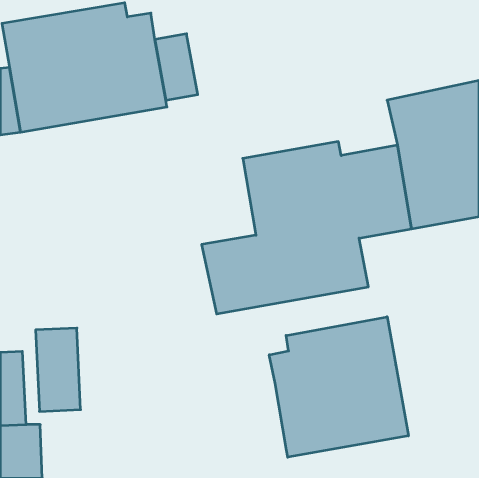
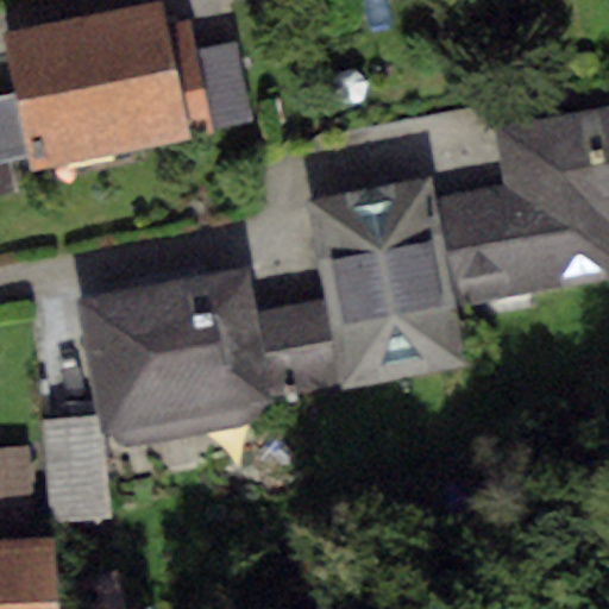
building: none -> [77,268,280,447]
building: [269,317,408,457] -> none

